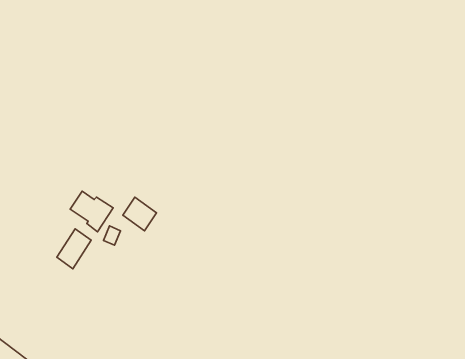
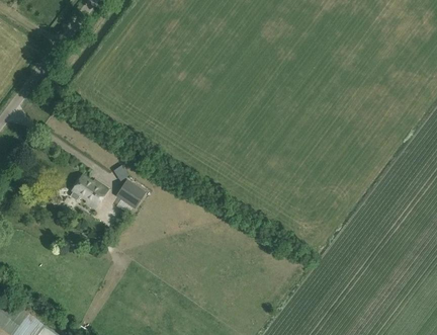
building: [57,229,91,269] -> none

